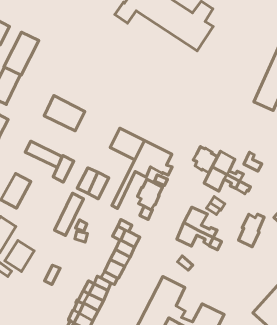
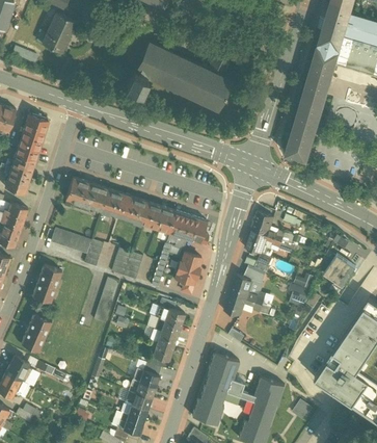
building: none -> [101,190,147,225]
building: [193,146,218,173] -> none
building: [5,241,34,271] -> none

